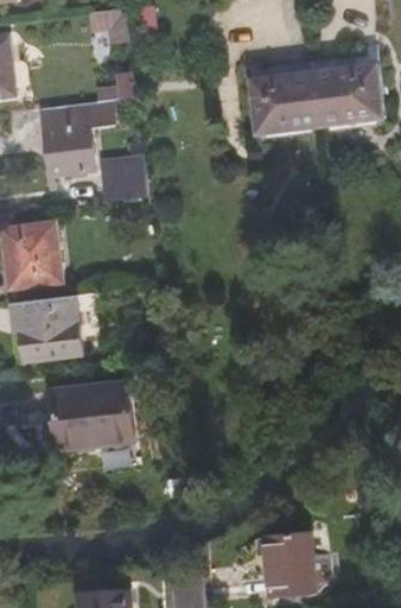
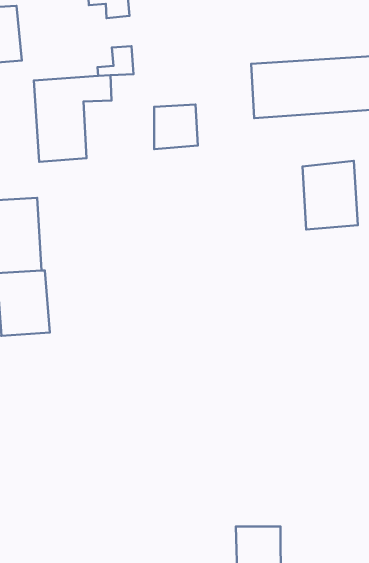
building: [104,156,149,202] -> [154,104,198,149]
building: none -> [302,161,358,229]
building: [49,382,132,448] -> none

